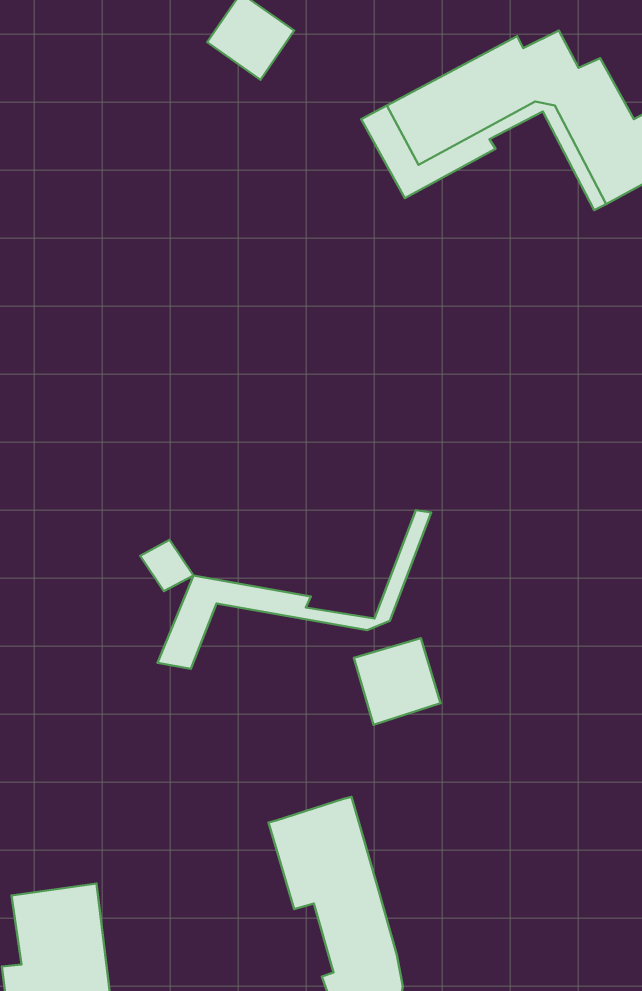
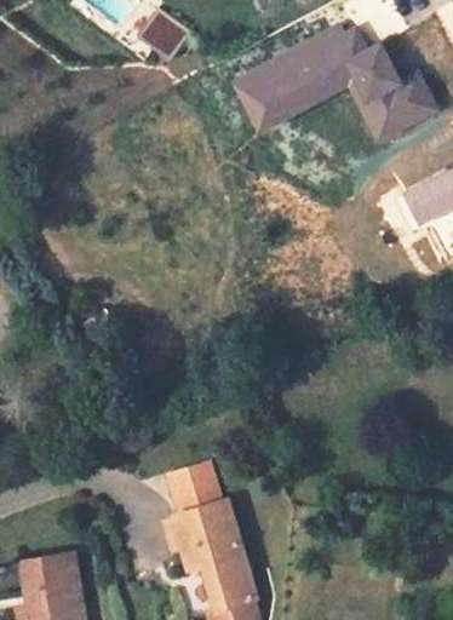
building: [158,510,431,669] -> none
building: [354,638,441,725] -> [170,460,223,513]

